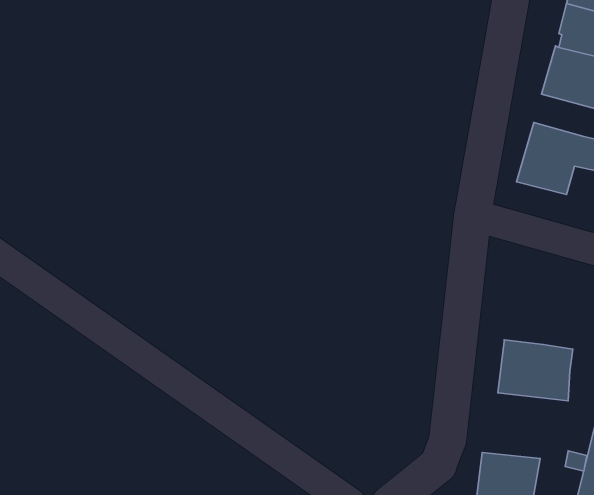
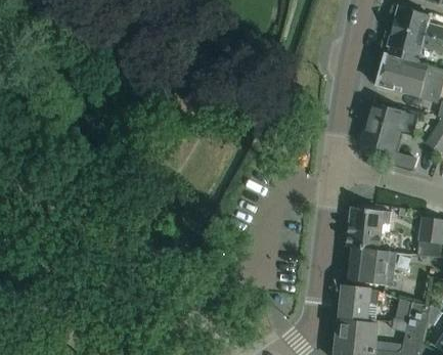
building: none -> [347,206,391,249]
building: none -> [339,285,378,320]

